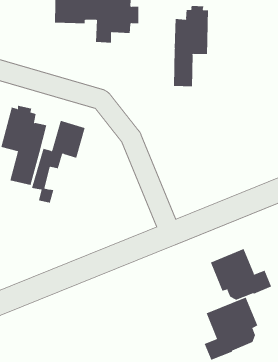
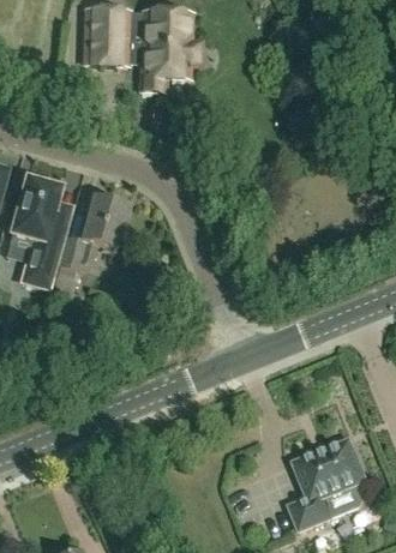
building: [173,5,209,87] -> none
building: [210,248,272,301] -> none

